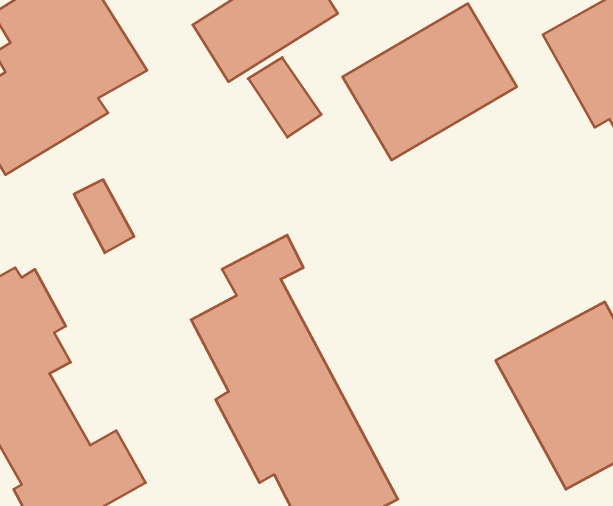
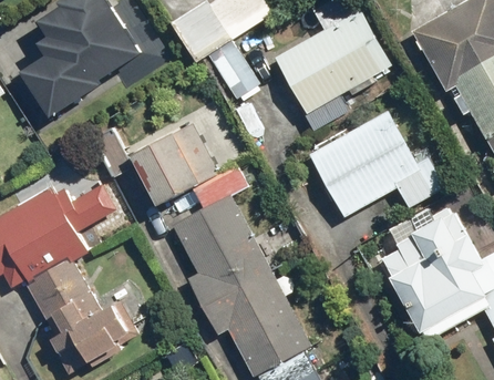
building: none -> [308,111,445,217]
building: none -> [130,122,218,206]

